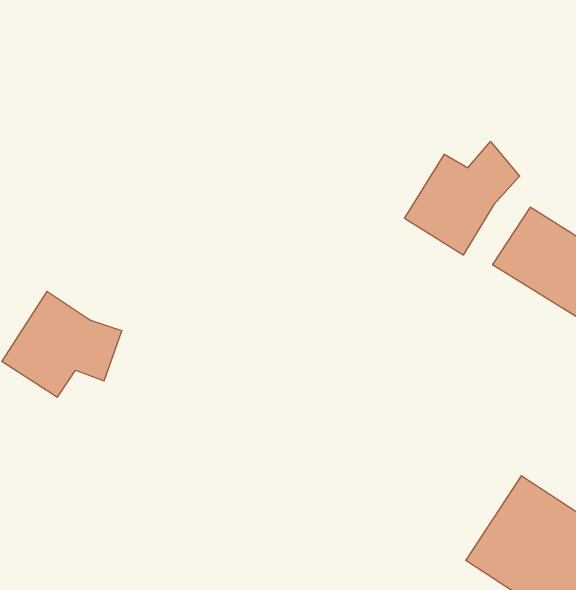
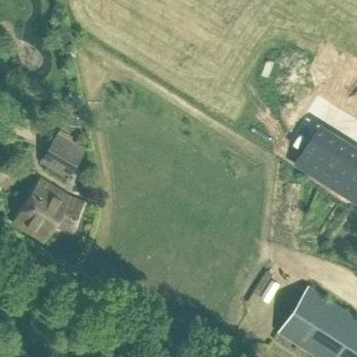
building: [405,142,520,255] -> none
building: none -> [41,134,85,178]

